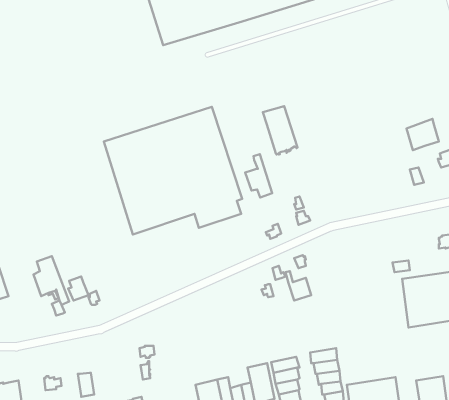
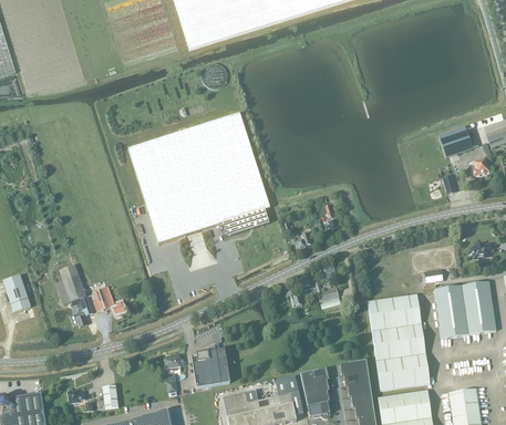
building: [263,106,297,155] -> none
building: [245,154,272,197] -> none
building: none -> [368,293,430,388]
building: none -> [192,343,229,386]

